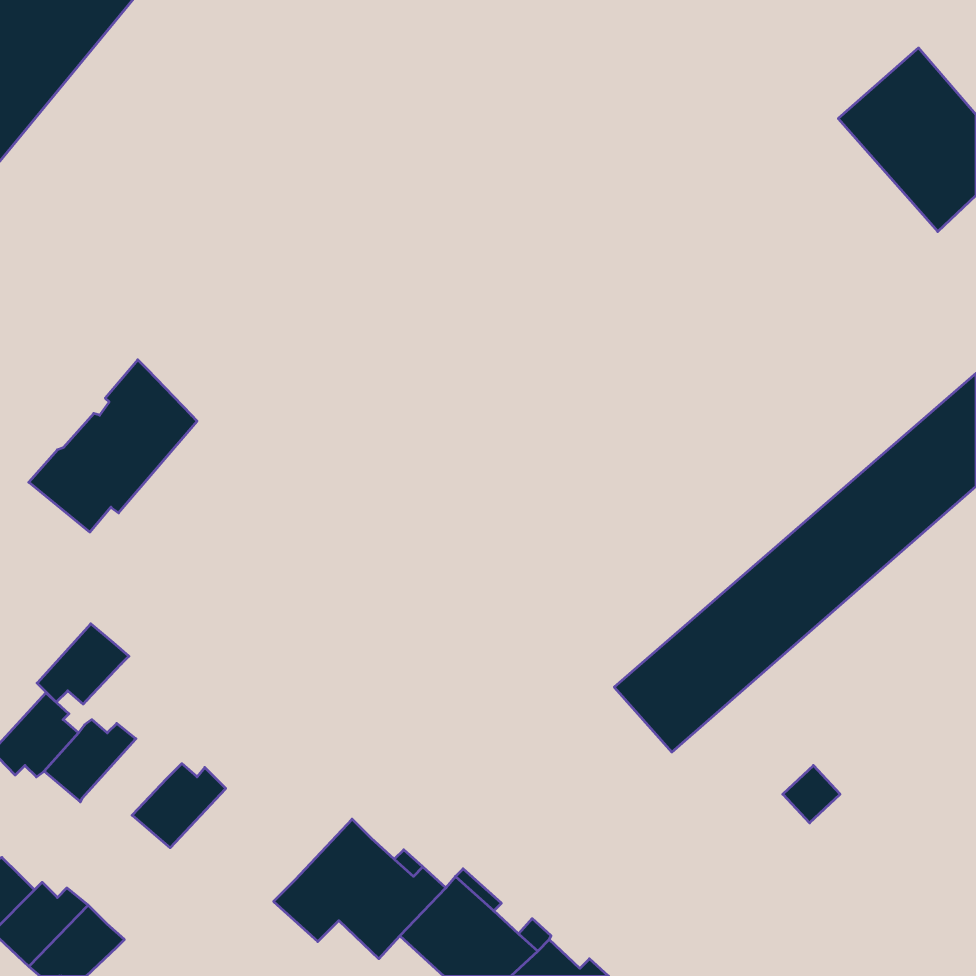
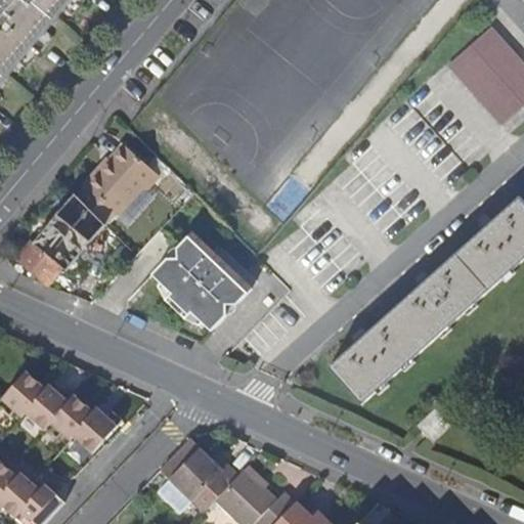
building: none -> [79,142,155,222]
building: none -> [151,230,251,330]
building: [37,624,129,704] -> [44,395,93,438]

